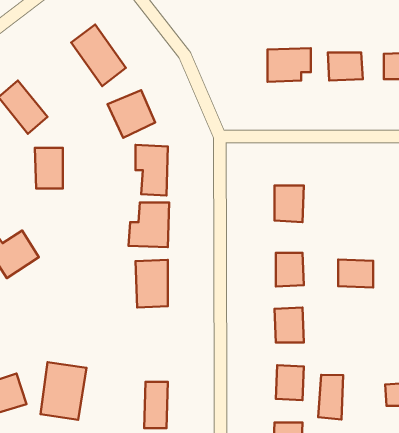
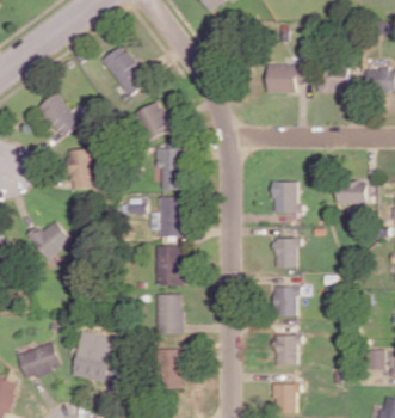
building: [338,260,373,288] -> [337,180,366,204]
building: none -> [156,294,183,333]
building: [318,375,343,420] -> none

